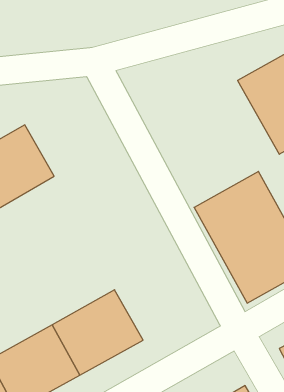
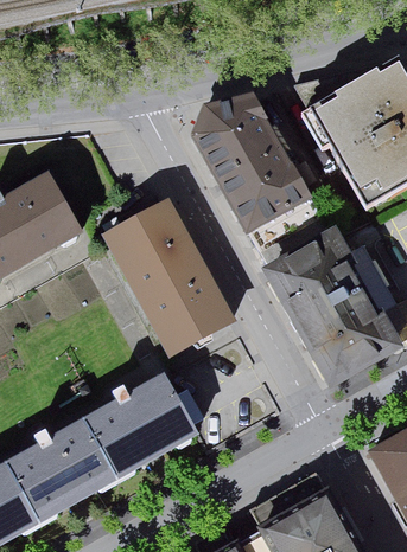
building: none -> [193,94,313,239]
building: none -> [102,199,236,355]

